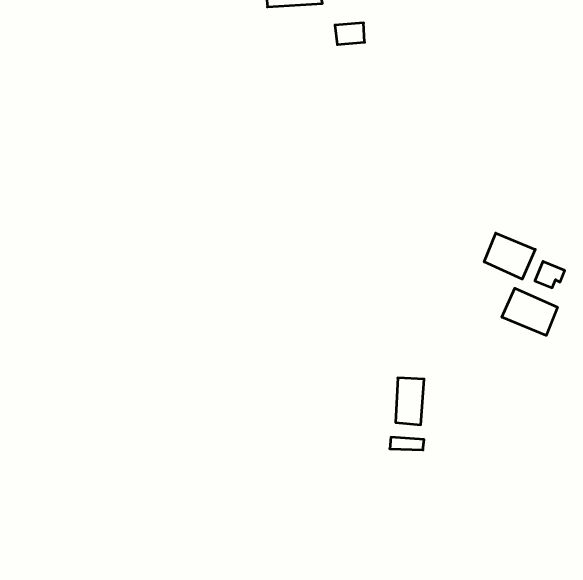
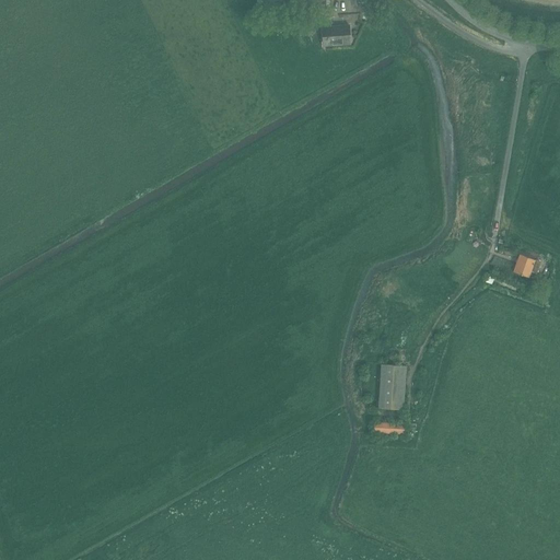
building: [484,233,535,279] -> none
building: [502,288,557,335] -> none

